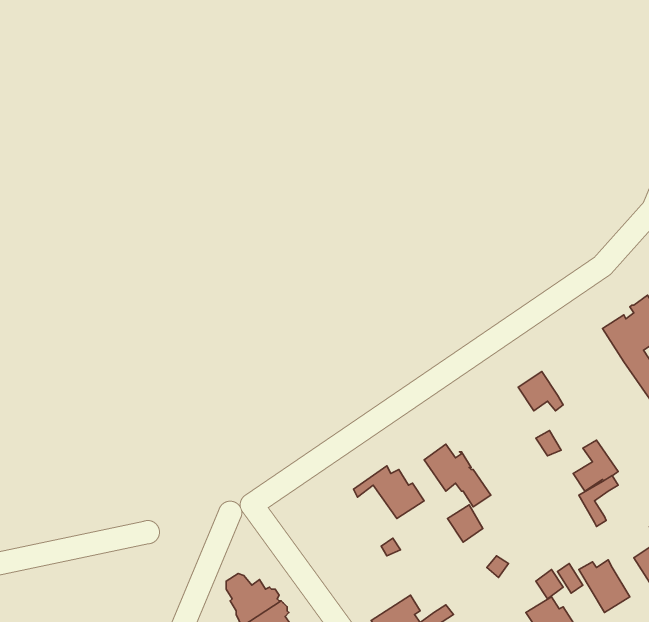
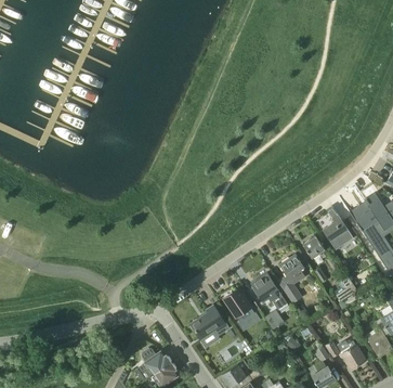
building: none -> [323,207,348,247]
building: none -> [278,256,304,292]
building: none -> [191,306,228,340]

